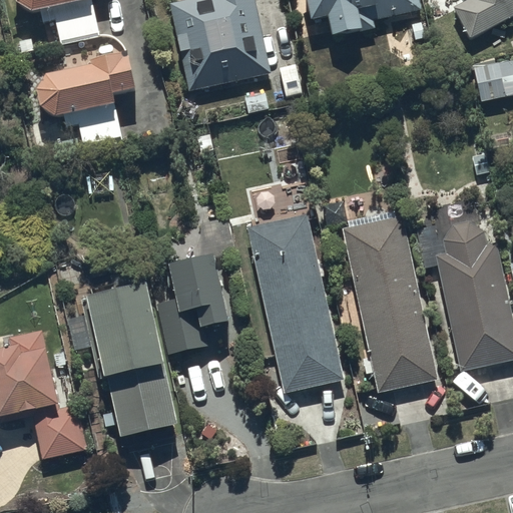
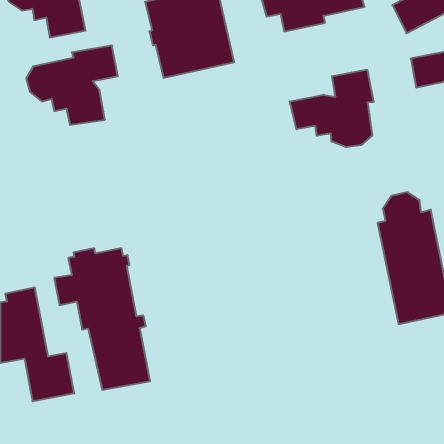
building: none -> [290,70,374,147]
building: [323,201,437,391] -> none
building: [245,202,344,394] -> none
building: [156,219,235,354] -> none

